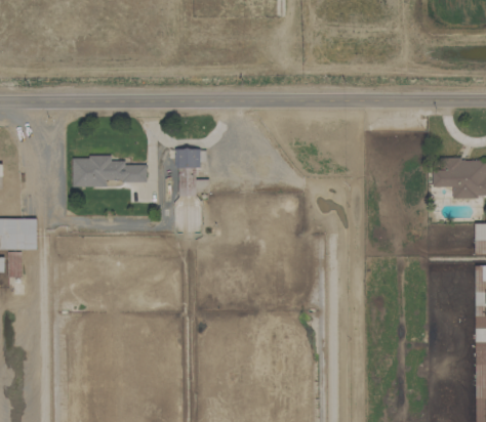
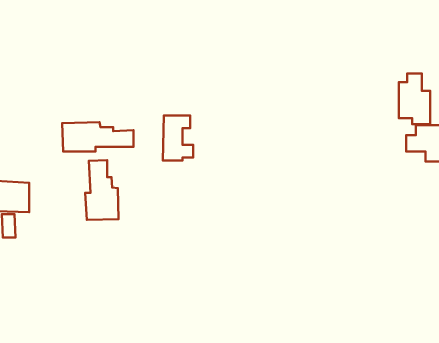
building: none -> [399,73,430,124]
building: none -> [85,160,119,220]

